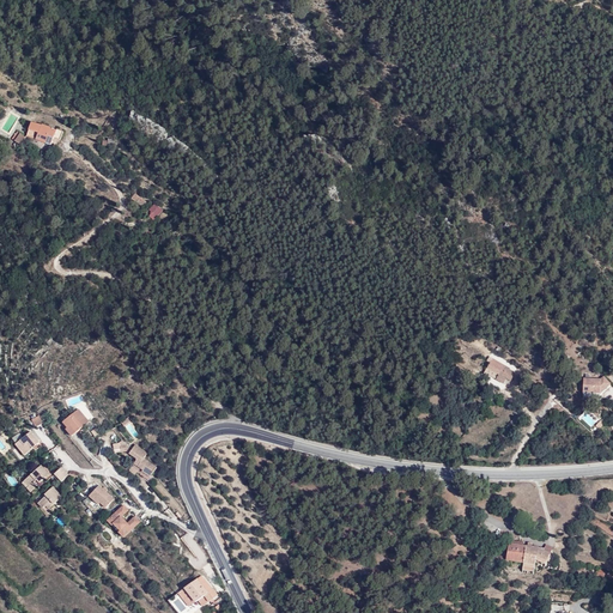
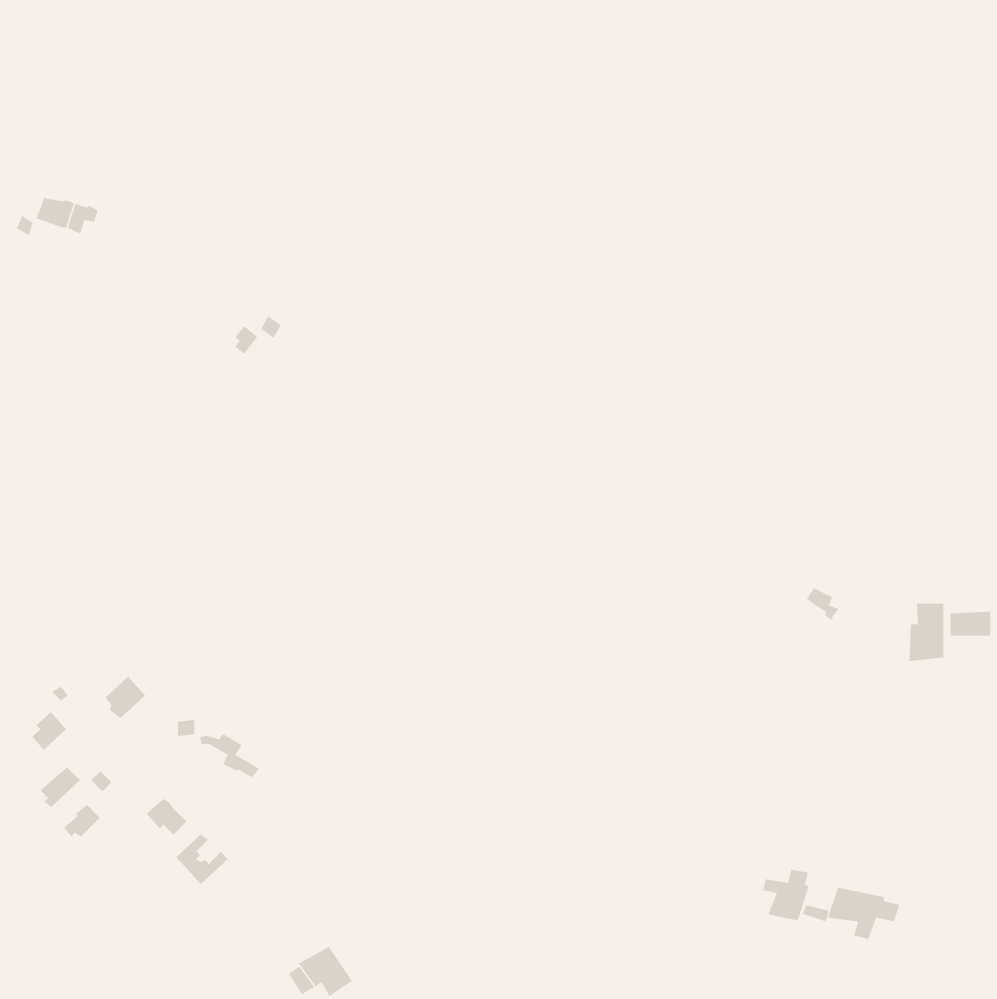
building: none -> [908,603,944,662]
building: none -> [762,869,809,921]

